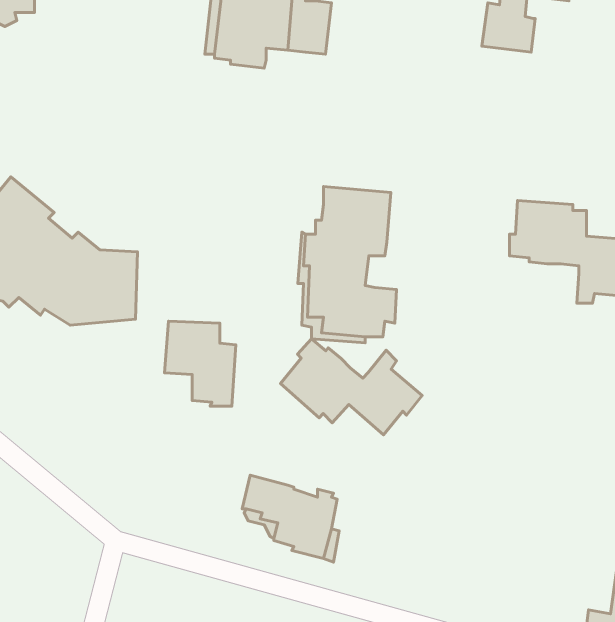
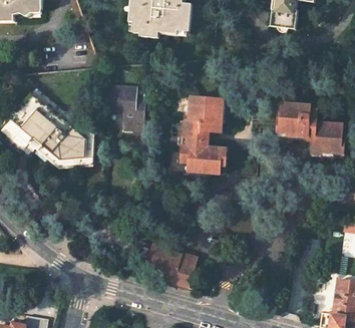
building: [165,321,236,406] -> [108,86,144,129]
building: [281,339,422,435] -> none

